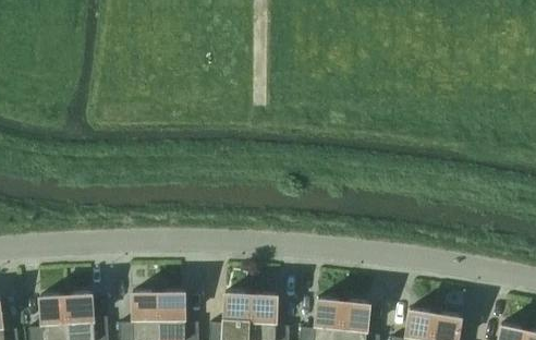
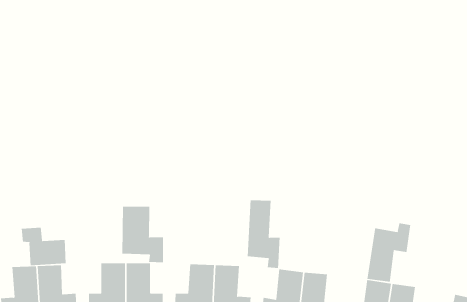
building: none -> [247,199,280,269]
building: none -> [122,206,163,263]
building: none -> [367,222,411,282]
building: none -> [21,227,66,266]

